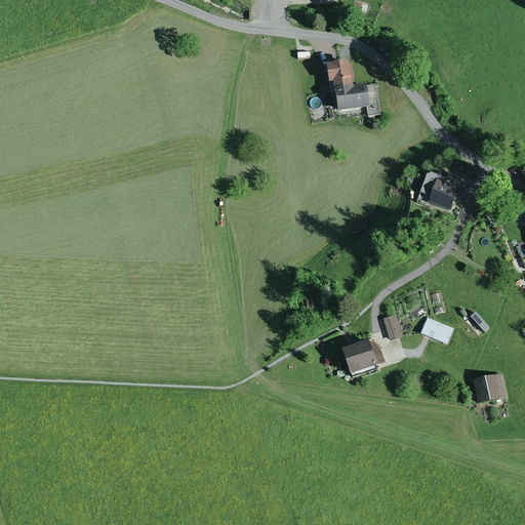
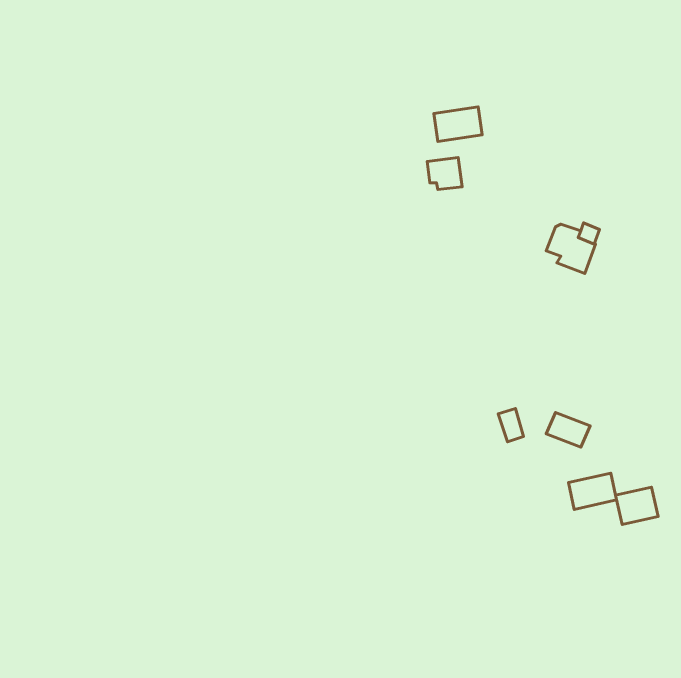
building: [326,60,353,85] -> [427,157,462,189]
building: [340,340,385,375] -> none
building: none -> [569,473,617,509]

